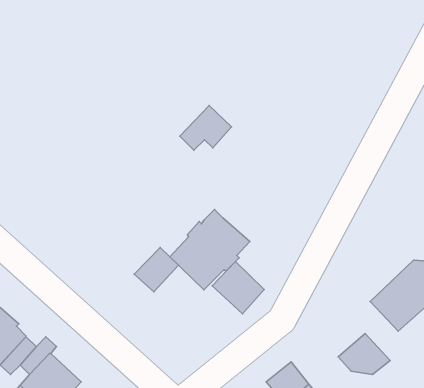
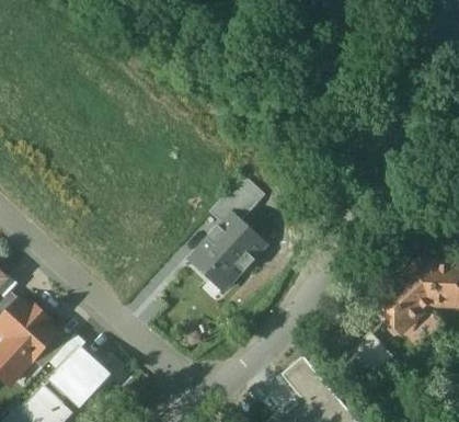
building: [180,106,232,150] -> [208,184,256,226]
building: [134,247,178,292] -> none
building: [212,262,264,314] -> none

